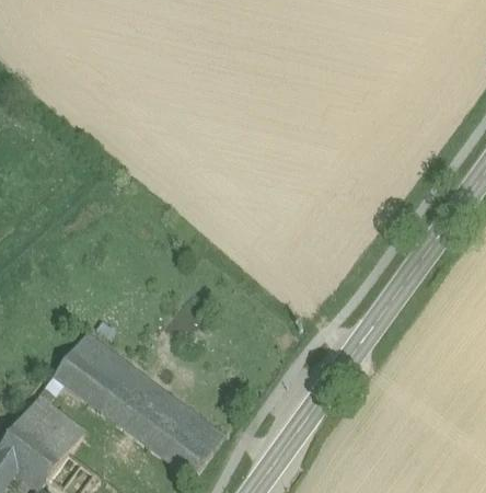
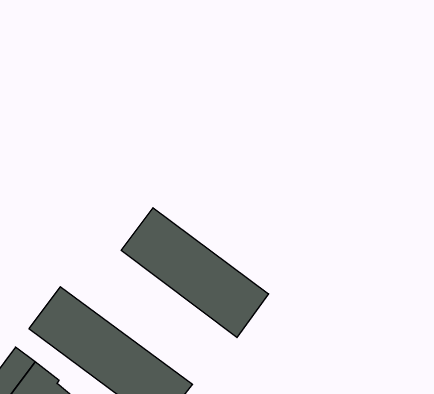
building: none -> [121,208,269,338]

